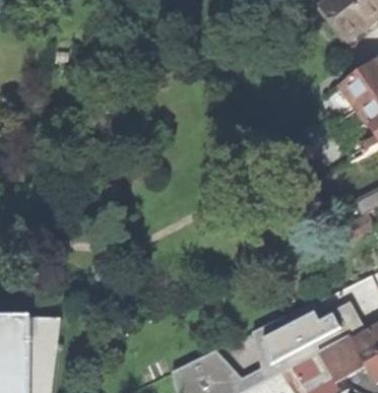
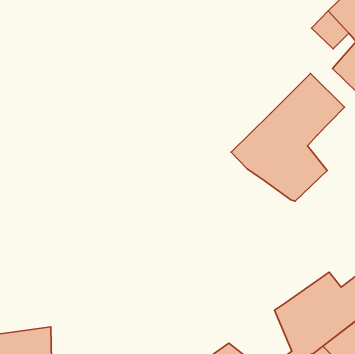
building: none -> [231,74,344,201]

